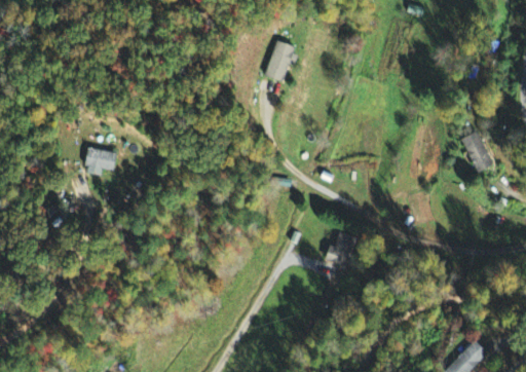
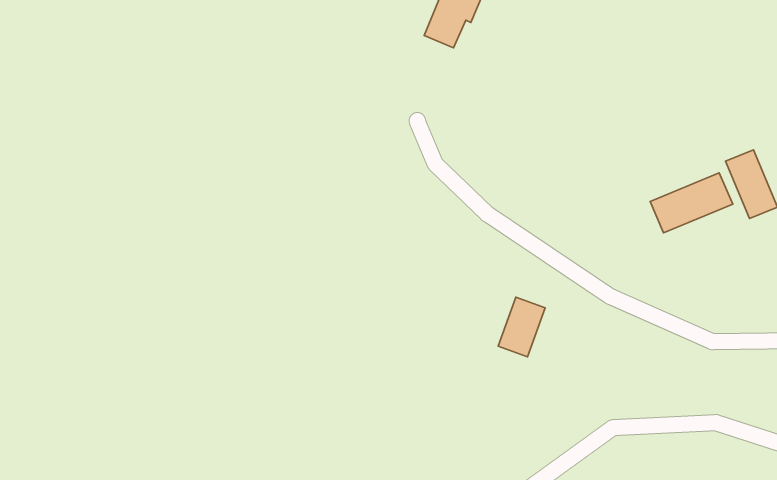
building: none -> [650,173,733,233]
building: [90,149,121,175] -> none

